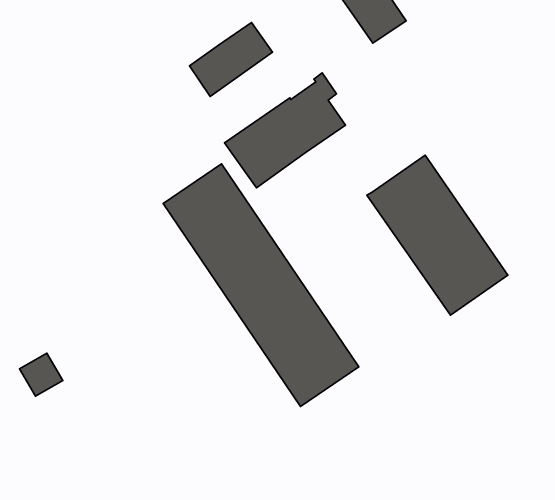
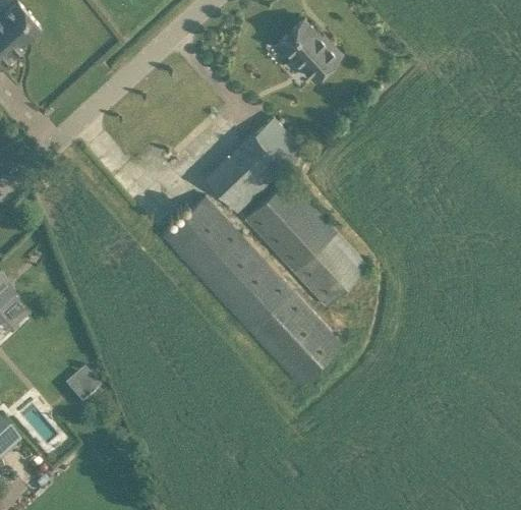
building: [190,23,272,96] -> none
building: [367,155,508,315] -> [239,176,364,303]

